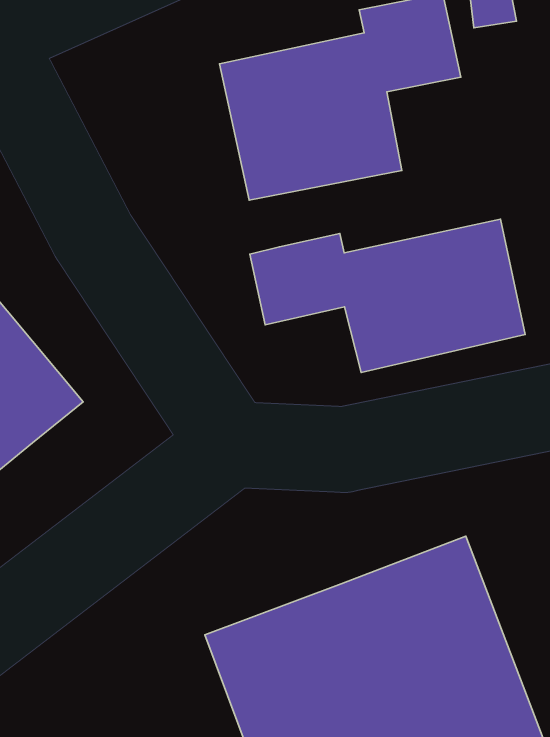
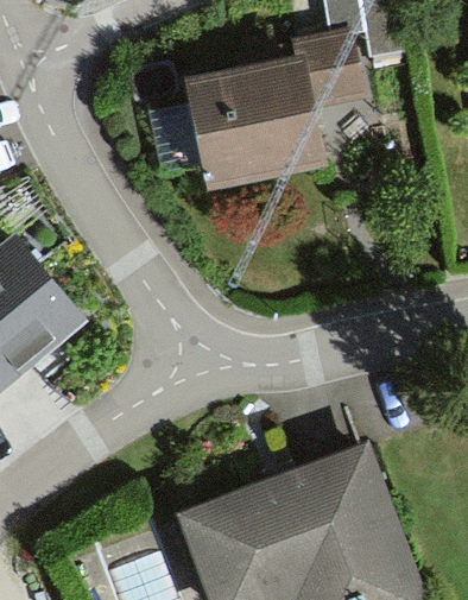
building: [250,219,525,373] -> none

